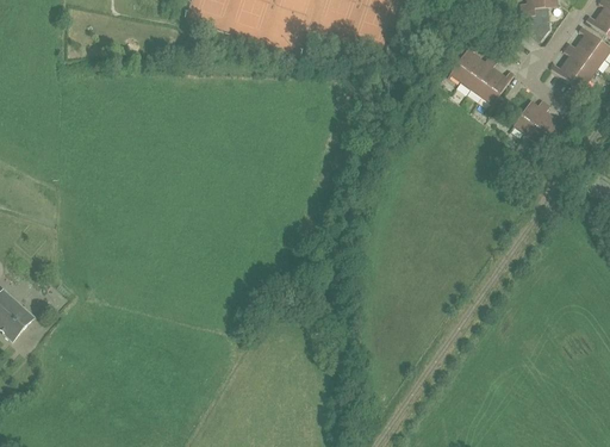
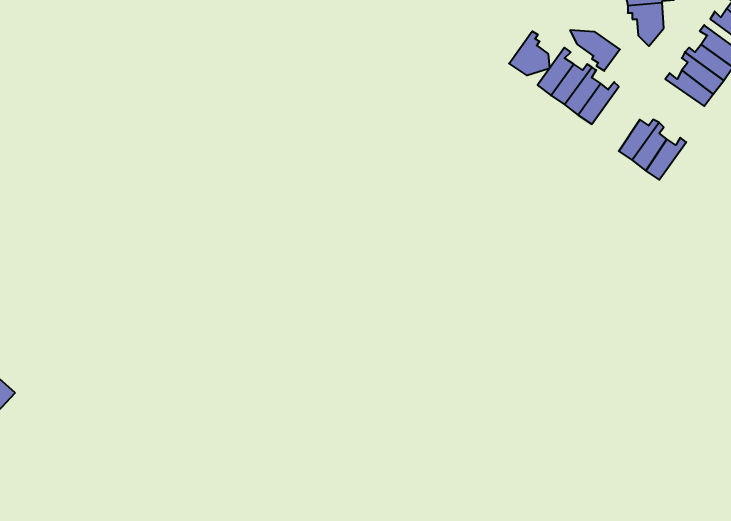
building: none -> [570,30,620,71]
building: none -> [509,31,550,75]

